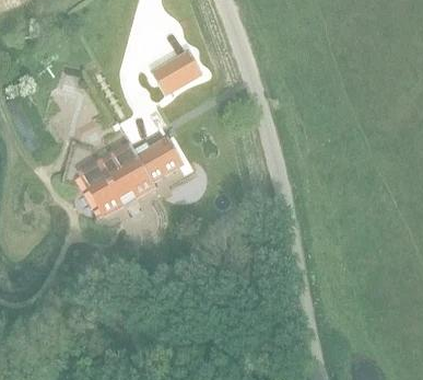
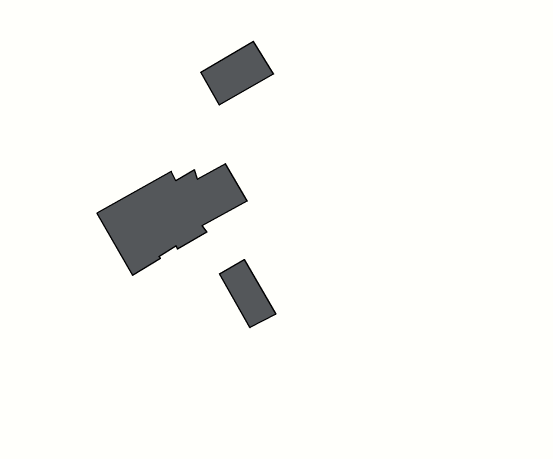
building: none -> [220,260,276,328]

